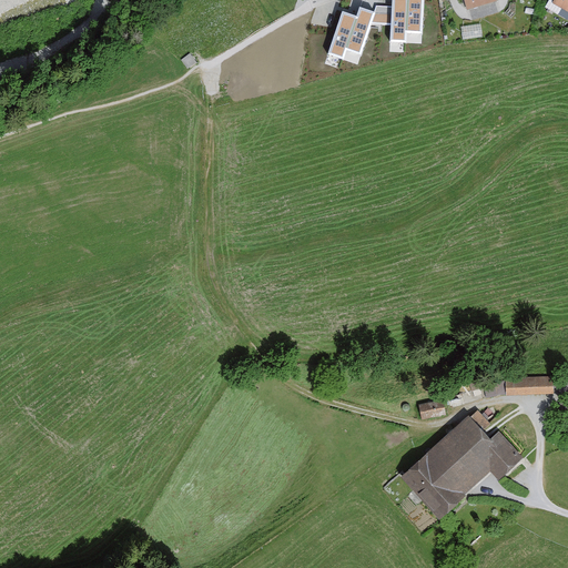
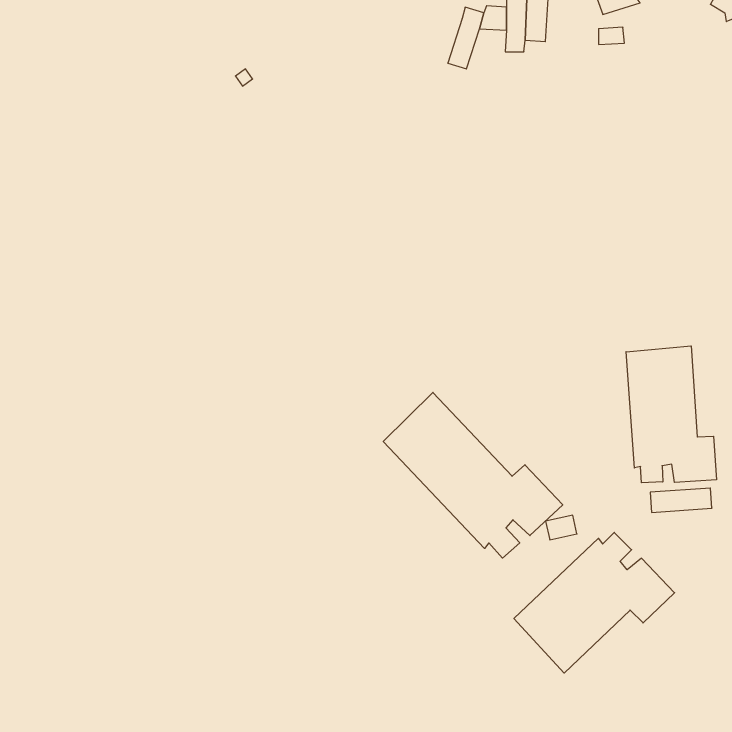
building: [329,10,358,58] -> none
building: none -> [626,346,716,483]
building: none -> [383,392,563,558]

